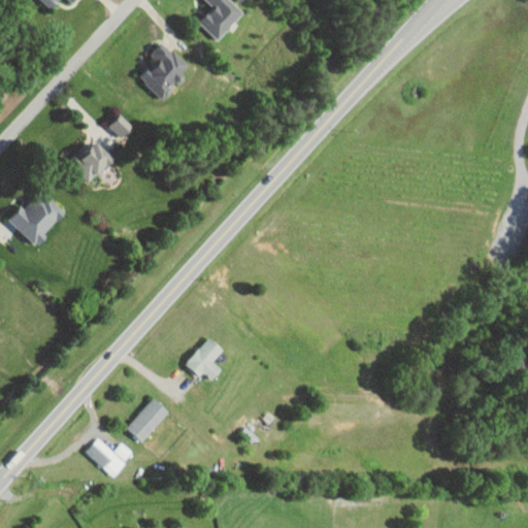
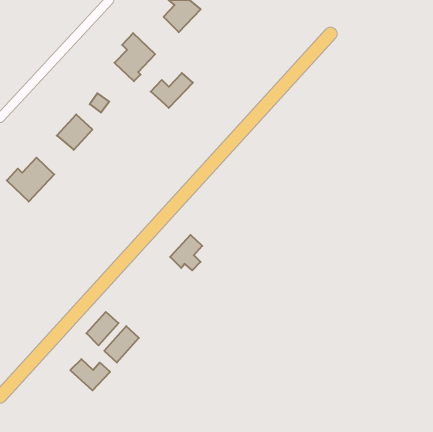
building: none -> [151,73,193,108]
building: [185,337,224,381] -> [170,235,202,270]
building: none -> [86,312,119,345]

